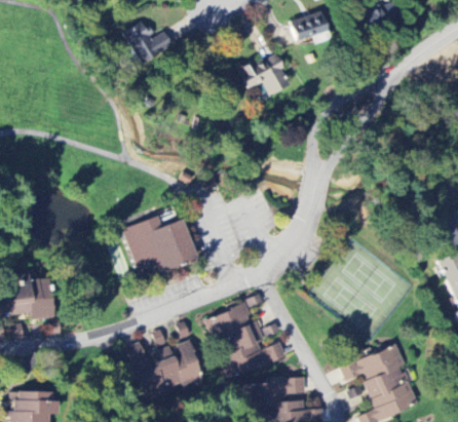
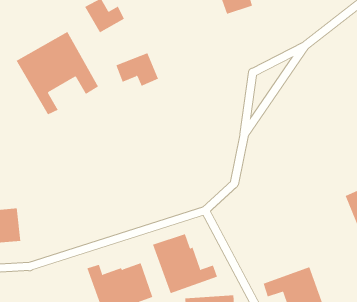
building: [238,53,291,94] -> [115,53,159,87]
building: none -> [16,31,99,115]
building: [123,217,196,278] -> none

